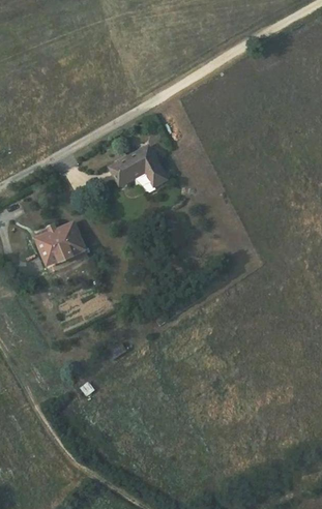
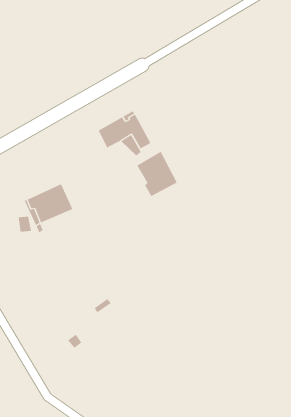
building: none -> [137,151,178,197]

